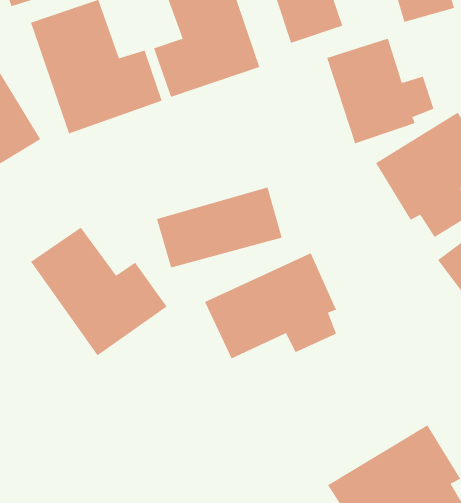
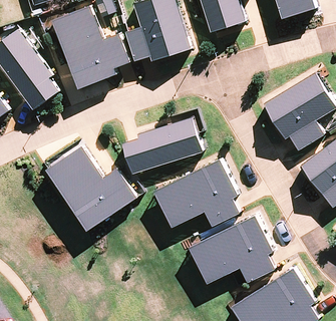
building: [326,38,434,144] -> none
building: none -> [185,216,274,283]

